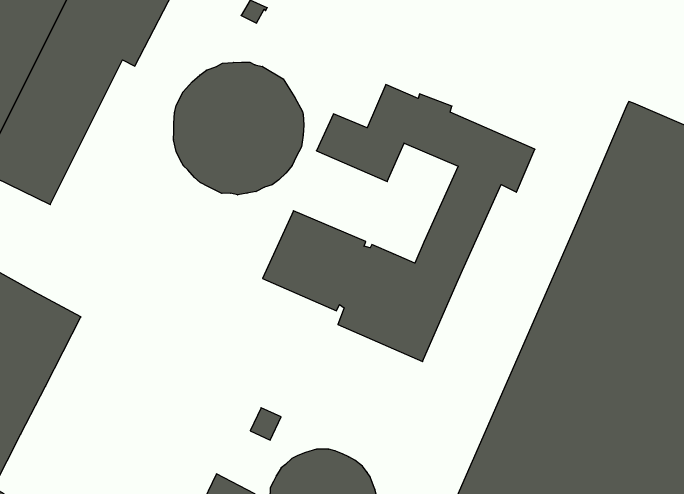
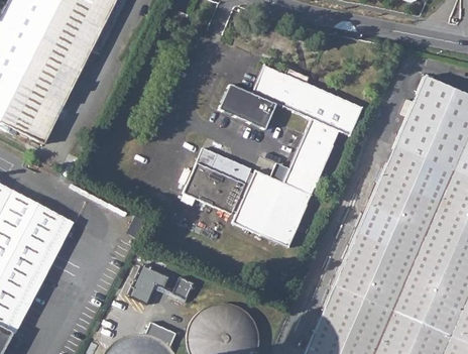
building: [174,62,304,195] -> none
building: none -> [132,265,169,303]

